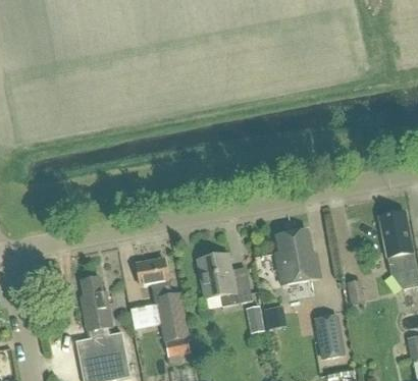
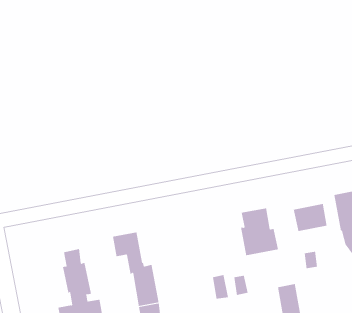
building: none -> [293,203,327,232]
building: [197,253,251,305] -> none

